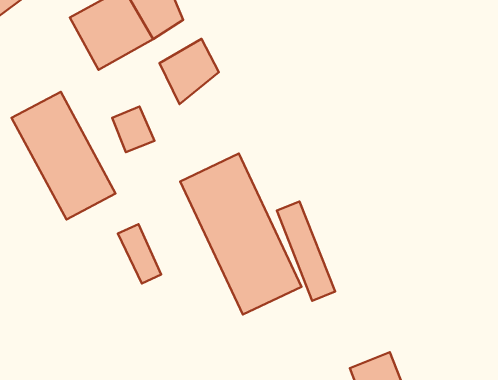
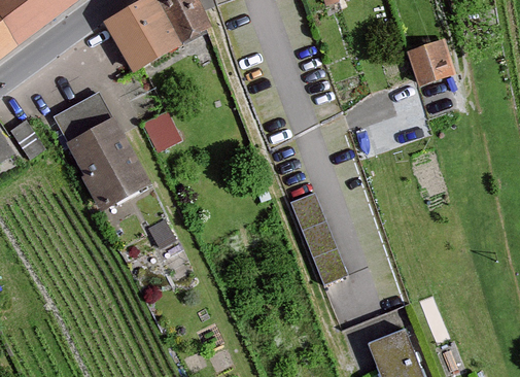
building: none -> [400,38,449,88]
building: [160,39,219,104] -> none
building: [180,154,302,315] -> none

